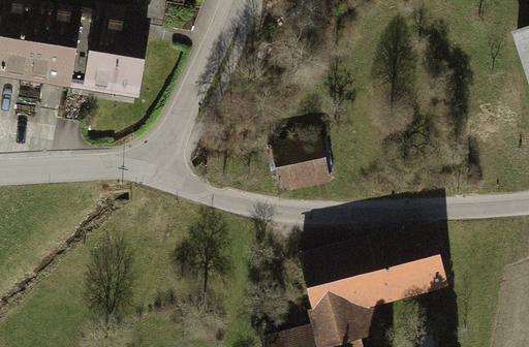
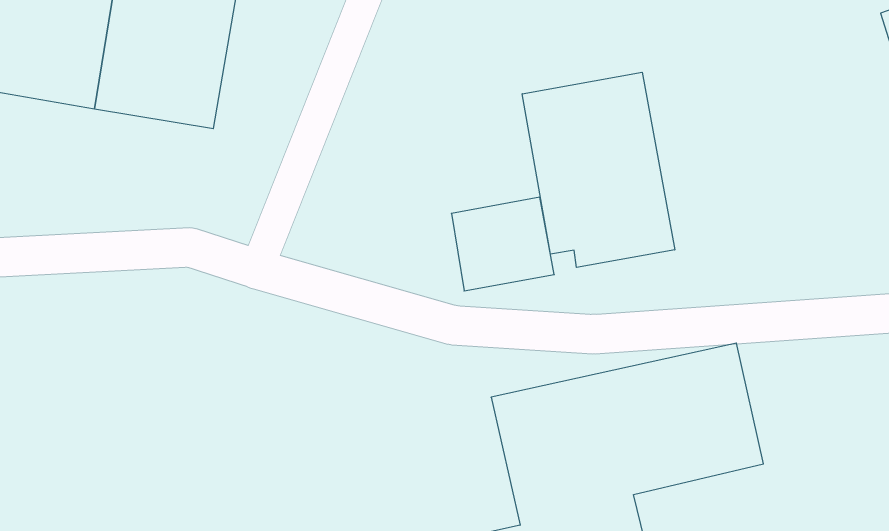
building: none -> [522,72,675,267]

